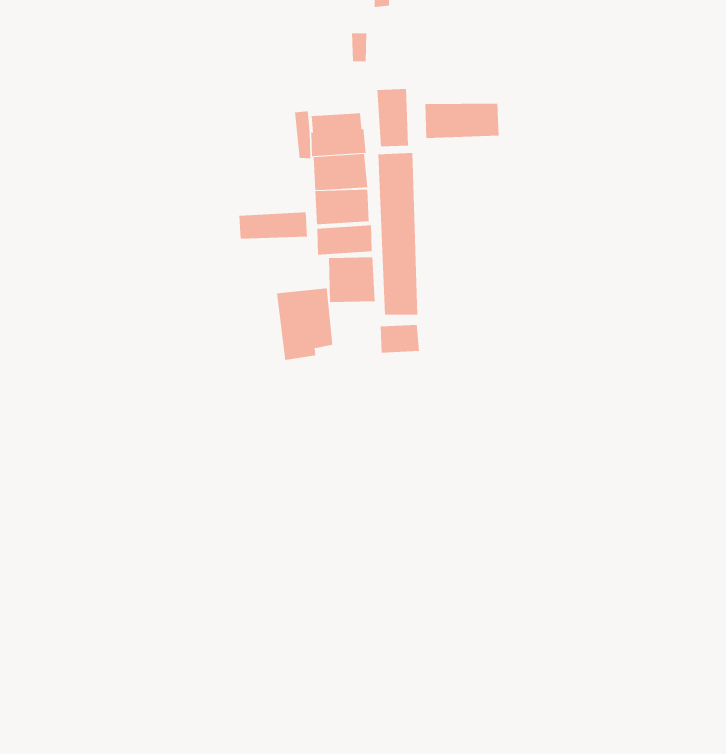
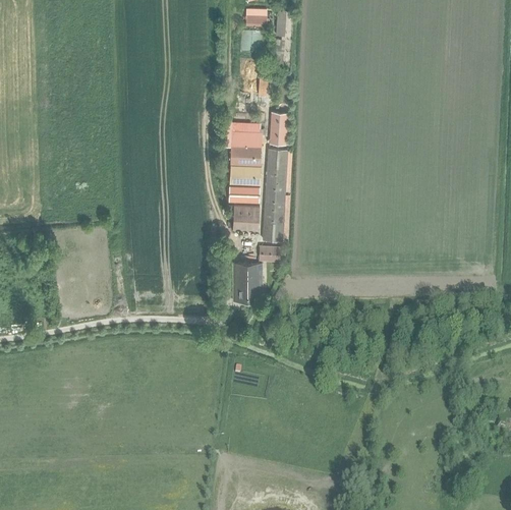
building: [425,103,499,139] -> none
building: [239,211,307,240] -> none
building: [276,288,333,360] -> [232,263,262,301]

